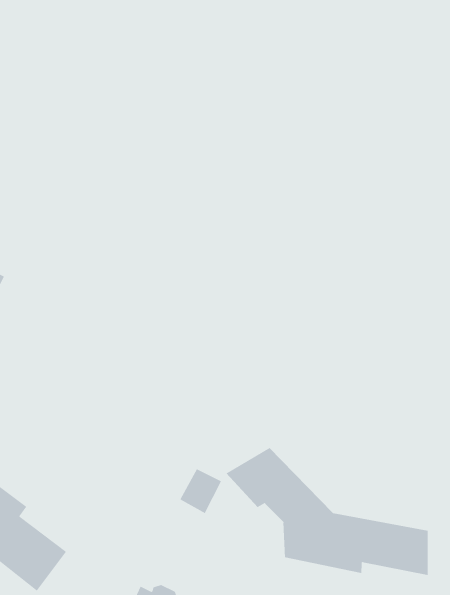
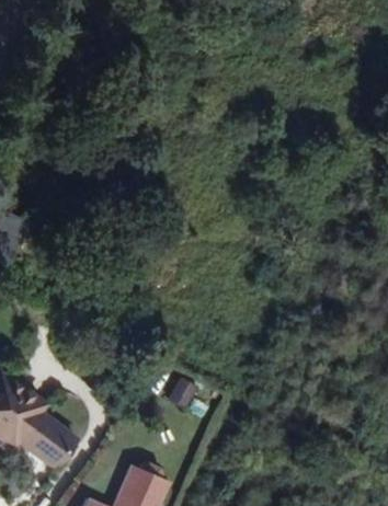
building: [225,447,428,576] -> none

